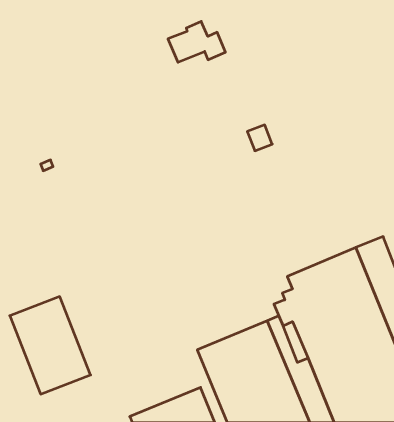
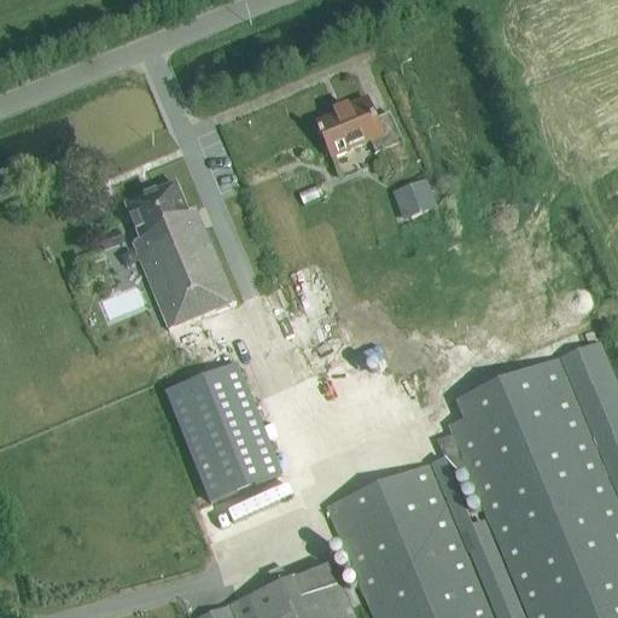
building: [168,21,225,62] -> [317,97,401,156]
building: none -> [126,182,233,326]
building: [10,297,91,394] -> [165,365,282,506]

